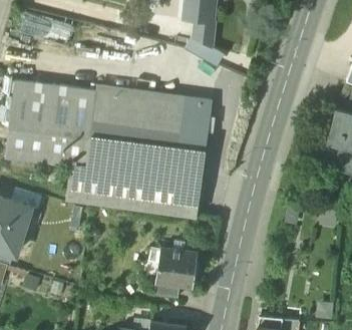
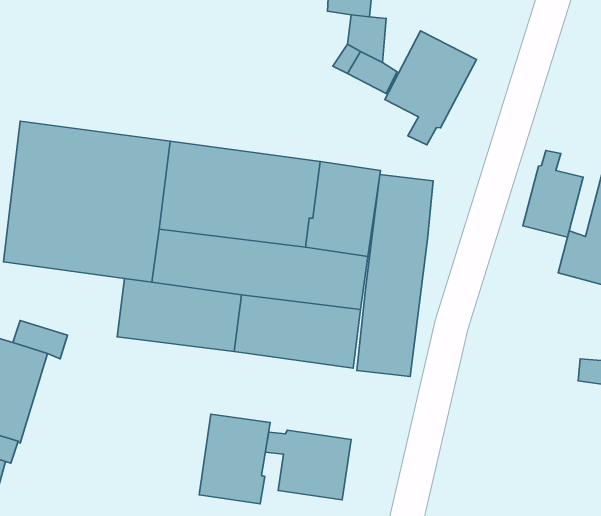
building: none -> [385,31,476,145]
building: none -> [523,150,583,237]
building: none -> [357,175,433,376]
building: none -> [199,414,270,504]

